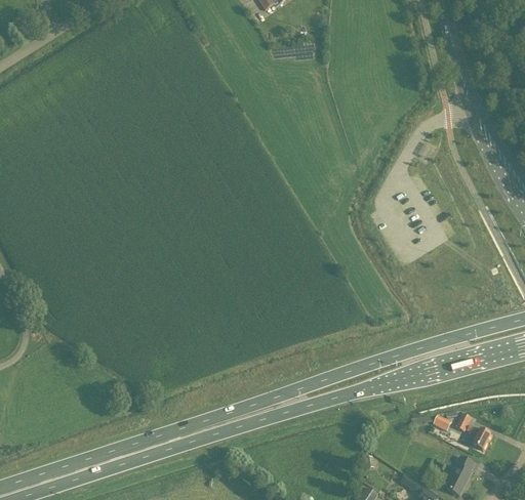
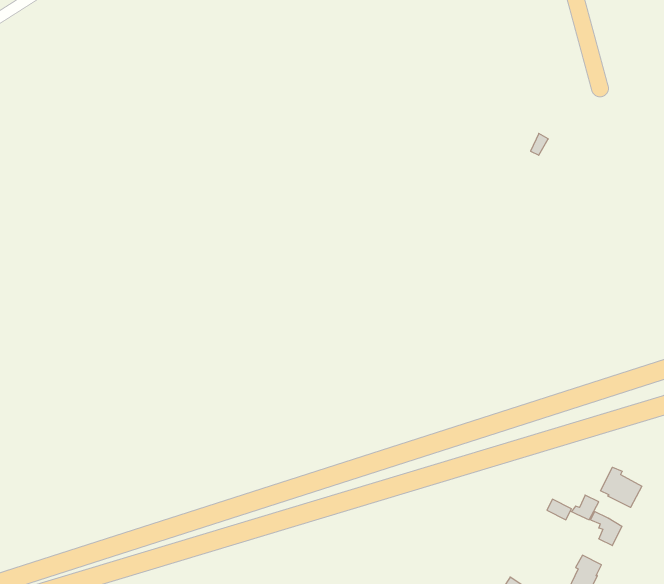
building: none -> [601,467,642,507]

